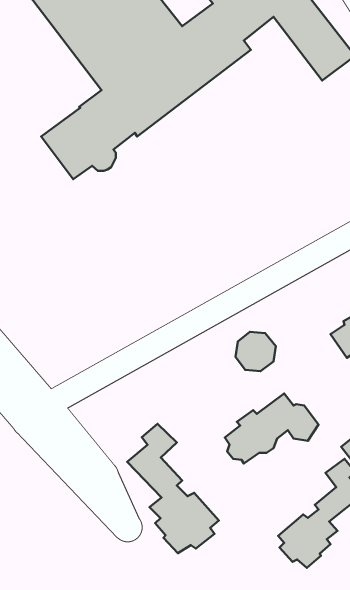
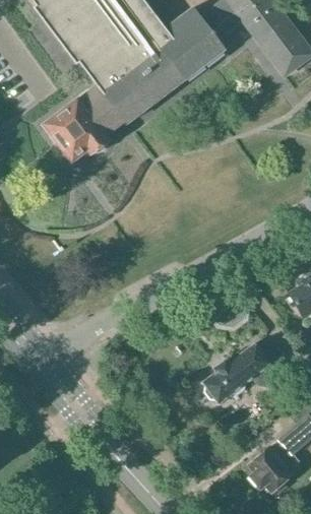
building: [127,424,219,553] -> none

